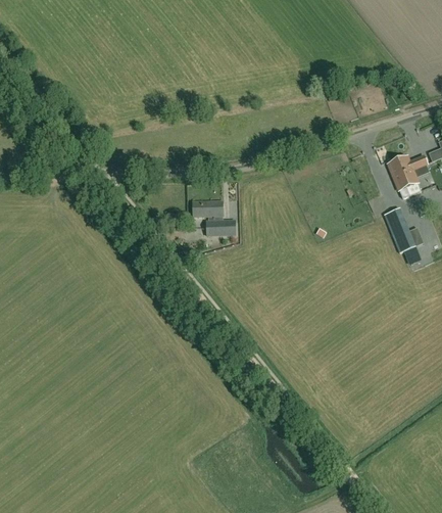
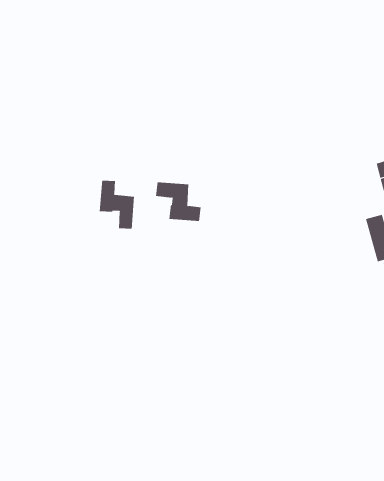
building: none -> [99,180,135,229]

